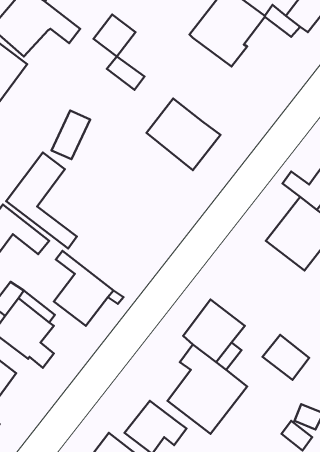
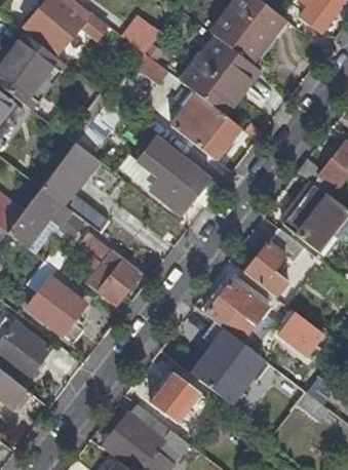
building: none -> [180,36,259,114]
building: none -> [142,138,208,212]
building: none -> [244,229,304,297]

